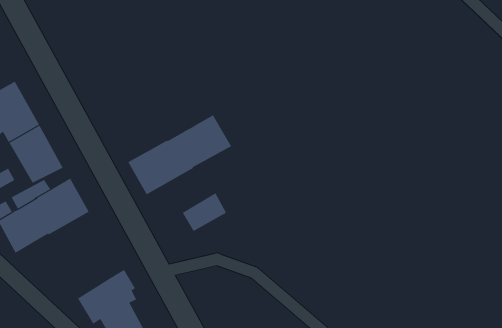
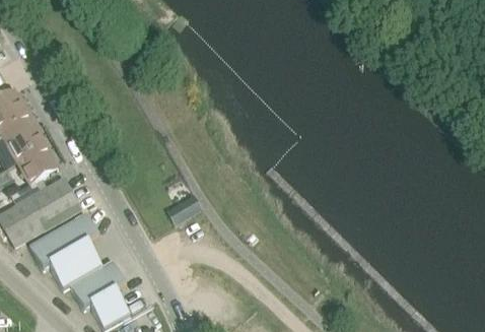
building: [127,115,232,195] -> none
building: none -> [29,212,103,290]

